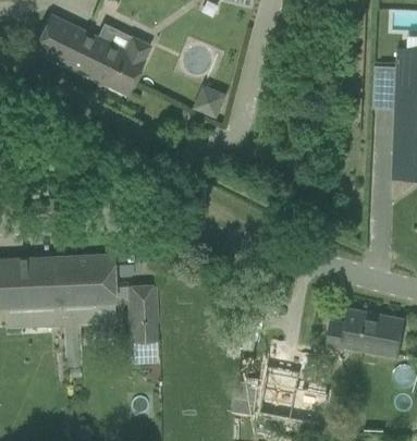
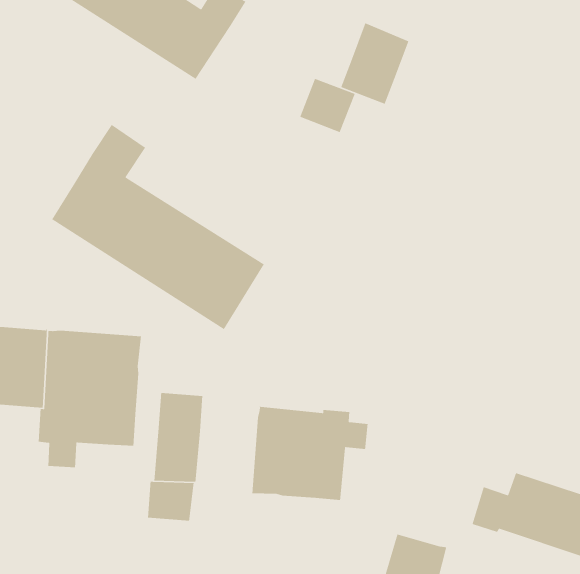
building: none -> [340,22,409,105]
building: none -> [51,124,265,330]
building: none -> [252,406,368,501]

